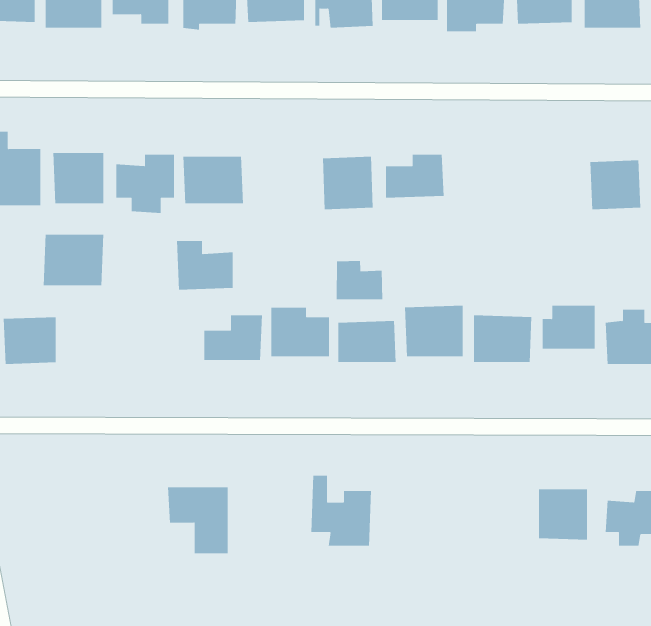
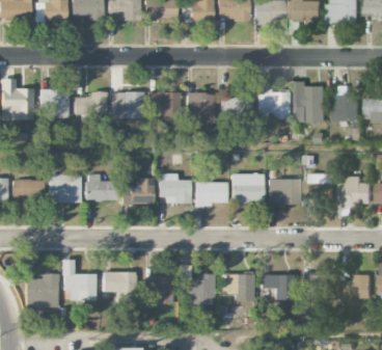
building: none -> [294,81,327,123]
building: none -> [258,82,290,119]
building: none -> [148,92,180,123]
building: [43,234,104,286] -> [49,174,82,203]
building: [176,240,234,290] -> [86,174,117,201]
building: [336,260,383,300] -> none
building: none -> [63,260,97,301]
building: none -> [26,273,59,307]
building: none -> [223,274,254,300]
building: none -> [262,274,294,302]
building: none -> [144,276,173,303]

